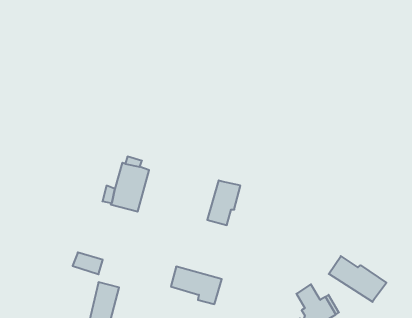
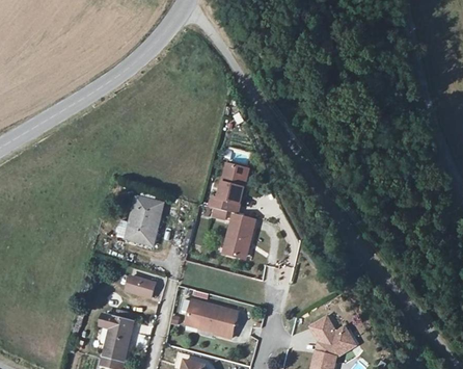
building: none -> [210,163,246,214]
building: [73,252,103,274] -> [127,274,157,296]
building: [329,256,386,302] -> none

